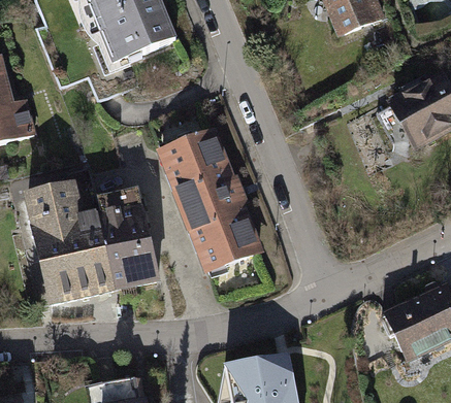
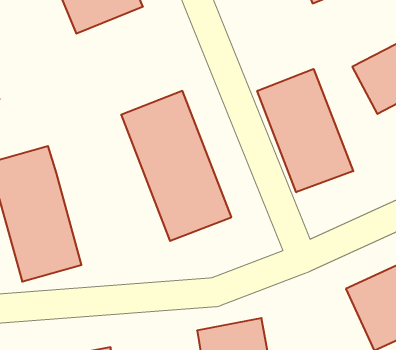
building: none -> [257,69,353,192]
building: [88,188,166,295] -> none

